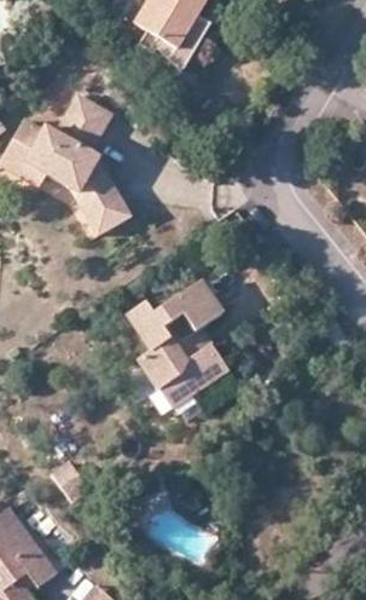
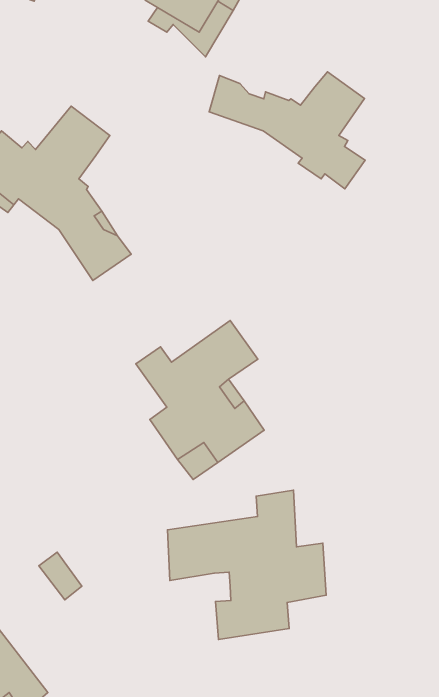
building: none -> [209,72,365,189]
building: none -> [167,490,326,639]

